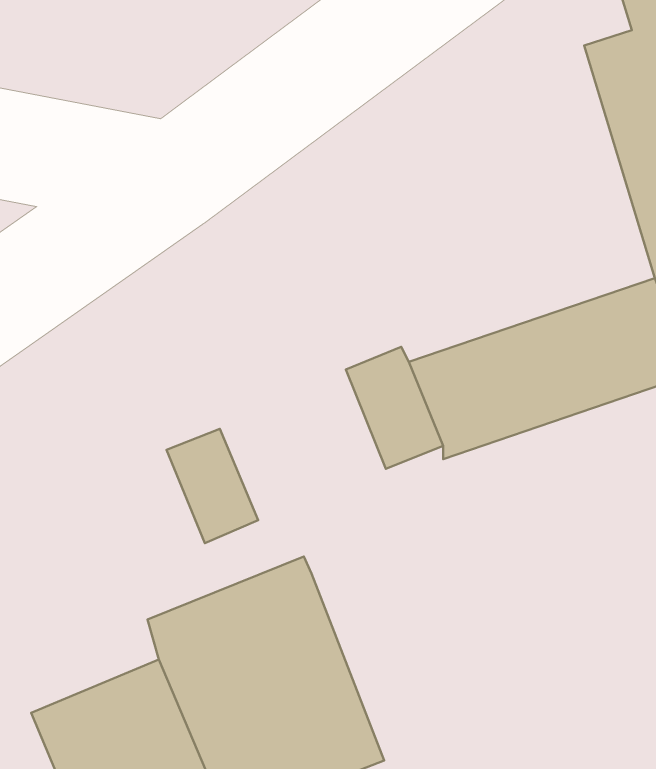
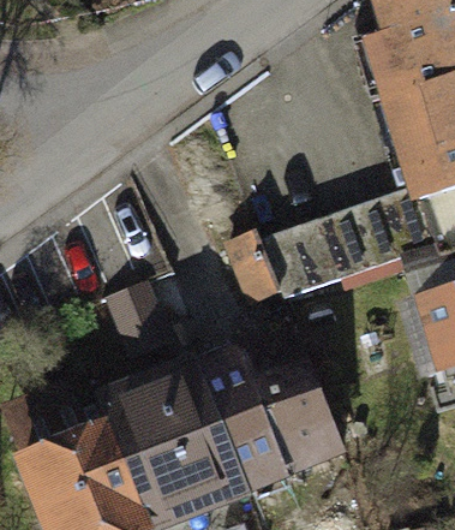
building: none -> [197,324,335,488]

